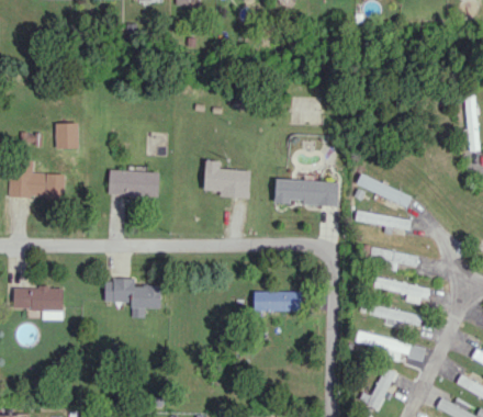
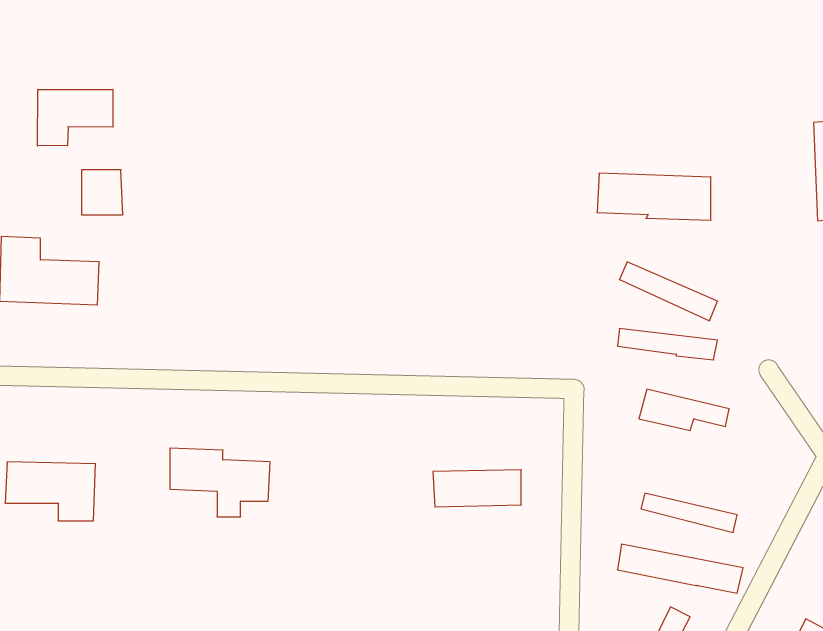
building: none -> [37,89,113,146]
building: [204,160,250,198] -> none
building: [109,170,159,198] -> none
building: [274,180,338,206] -> [597,173,711,220]
building: [374,279,427,304] -> none

